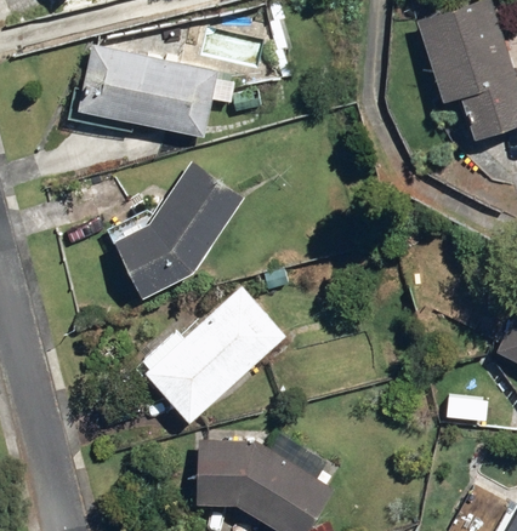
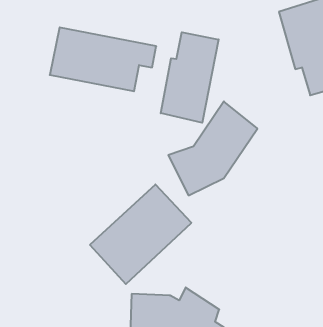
building: none -> [161,32,219,123]
building: [110,158,243,297] -> [168,101,257,195]

